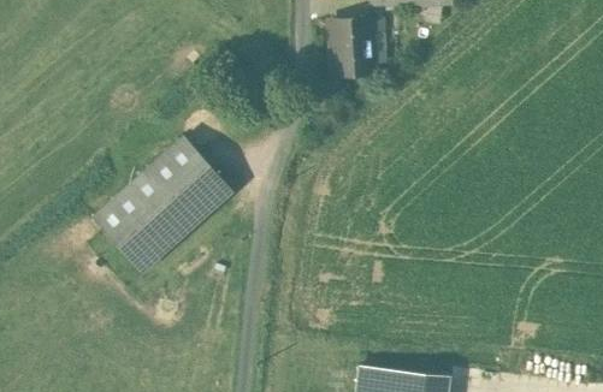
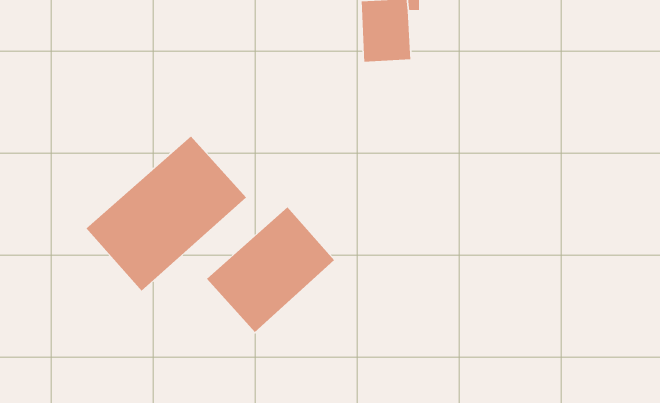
building: none -> [206,206,335,333]

